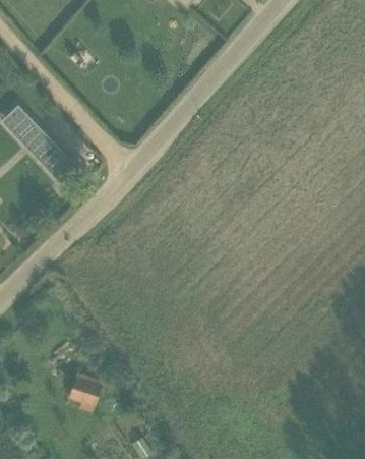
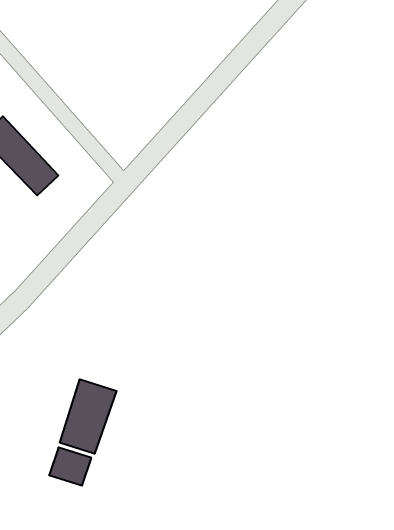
building: none -> [60,379,117,454]

